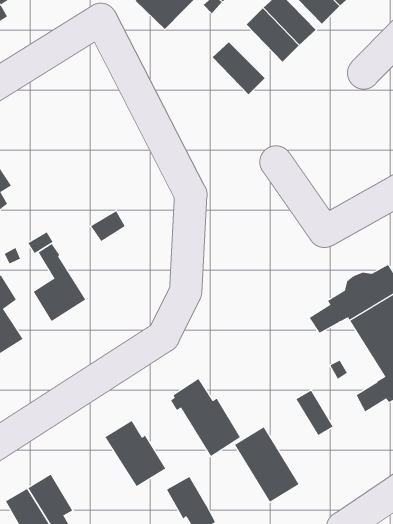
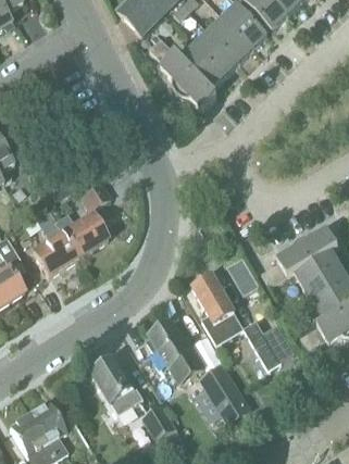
building: none -> [195,28,239,73]
building: none -> [148,36,216,108]
building: none -> [53,212,107,256]
building: none -> [227,256,259,294]
building: none -> [192,275,245,344]

